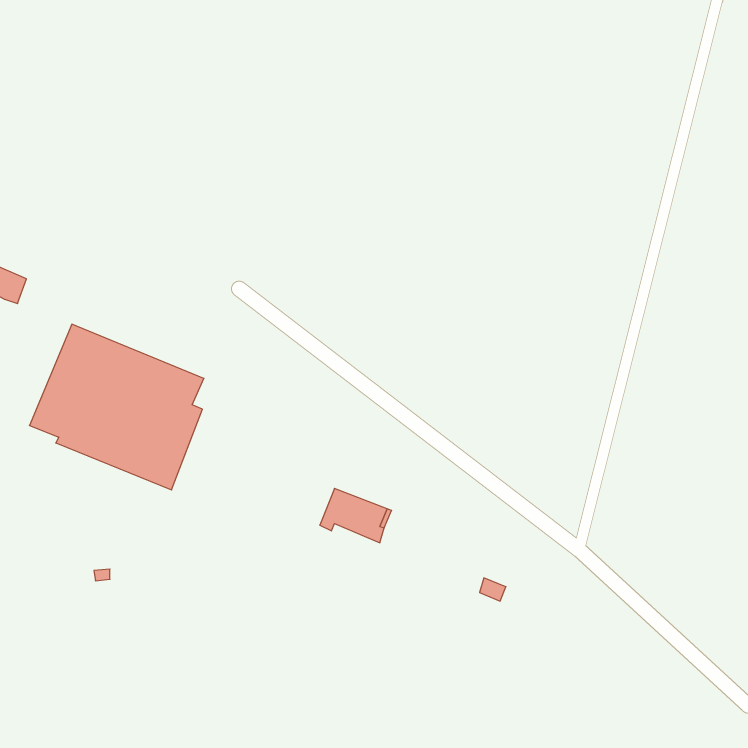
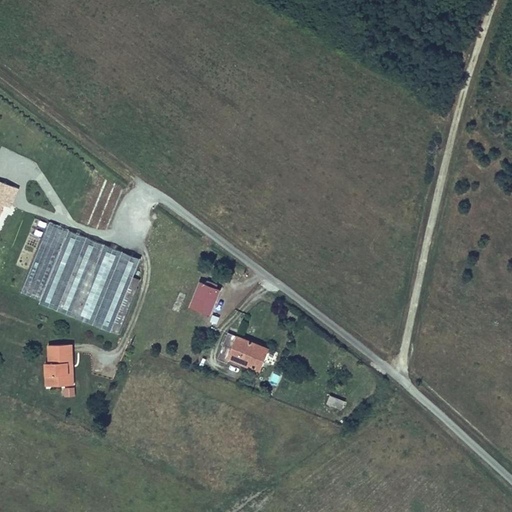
building: none -> [190,281,218,314]
building: none -> [44,345,71,385]

